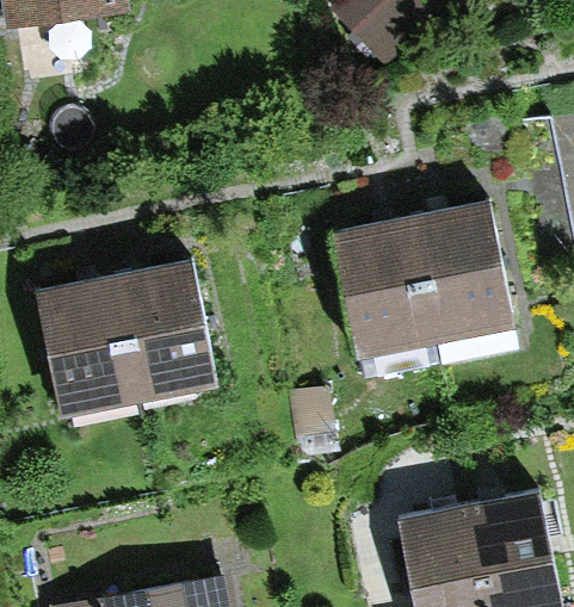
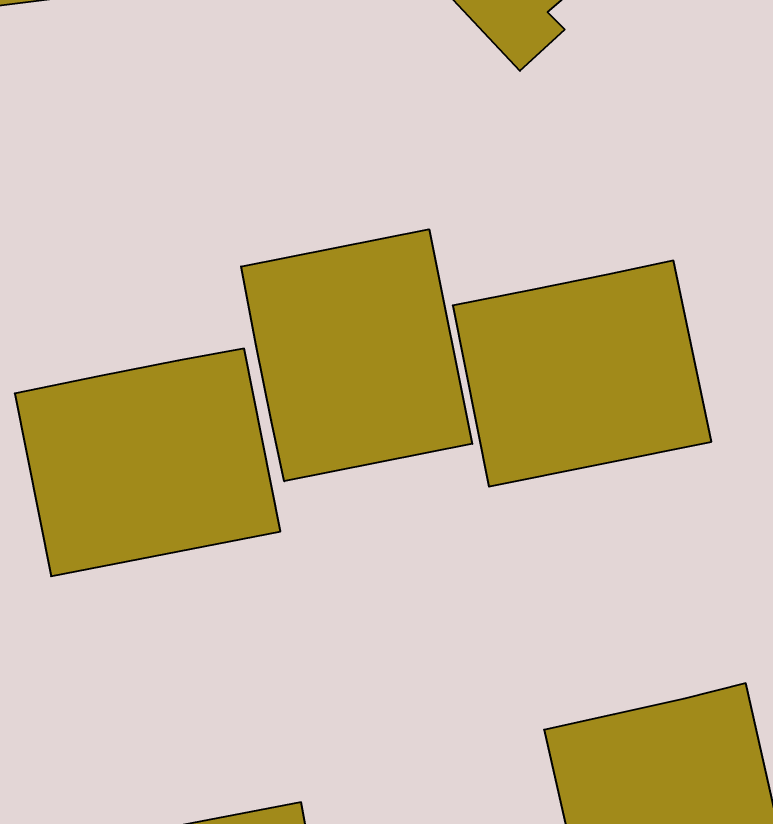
building: none -> [241,229,472,481]

